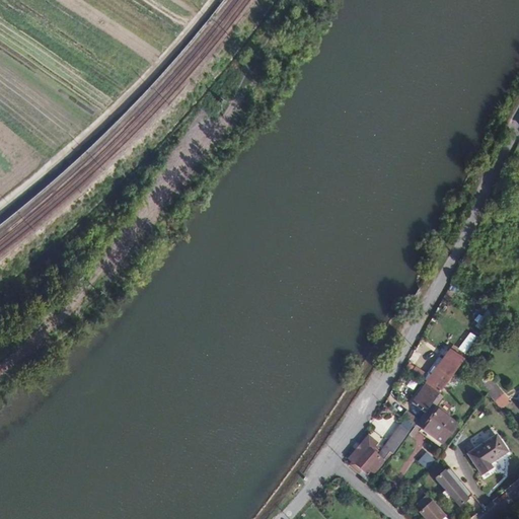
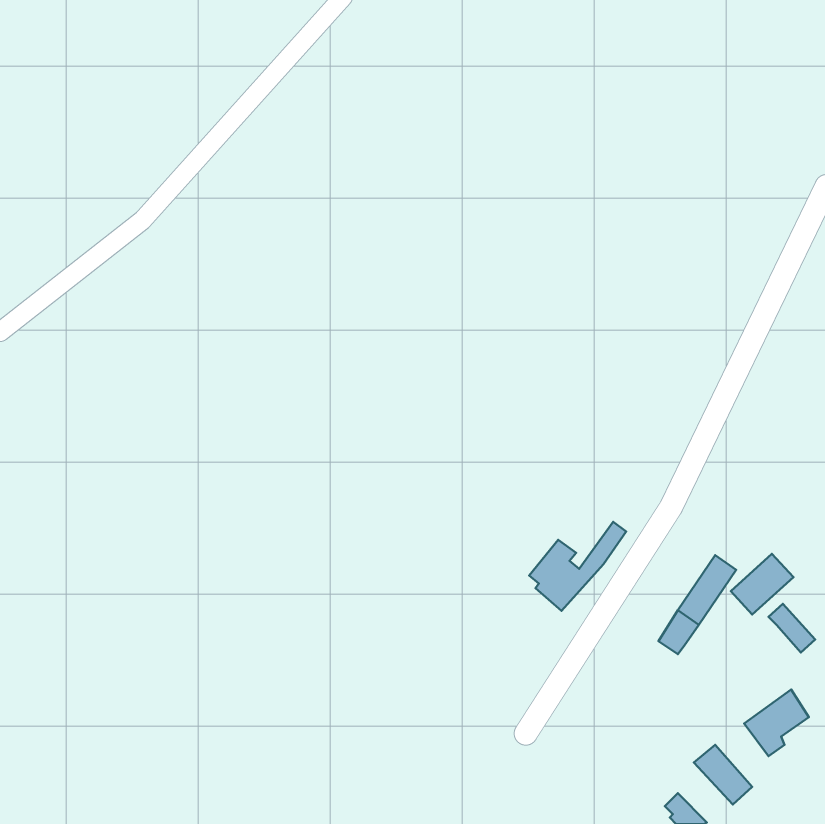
building: none -> [731,554,793,614]
building: [416,404,455,442] -> none
building: [349,424,410,479] -> [529,522,626,611]

